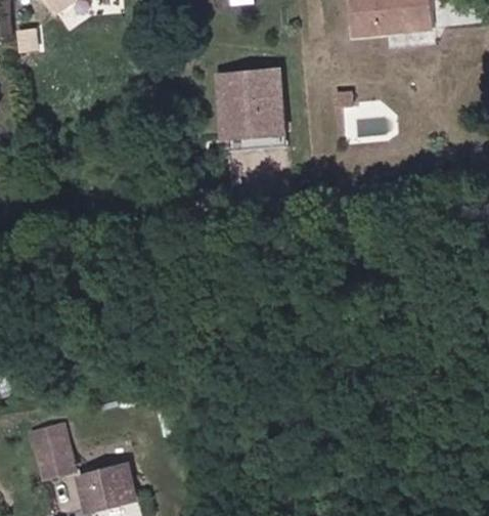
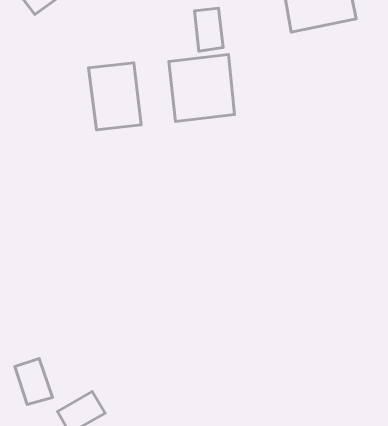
building: none -> [194,8,223,51]
building: none -> [89,63,141,130]

